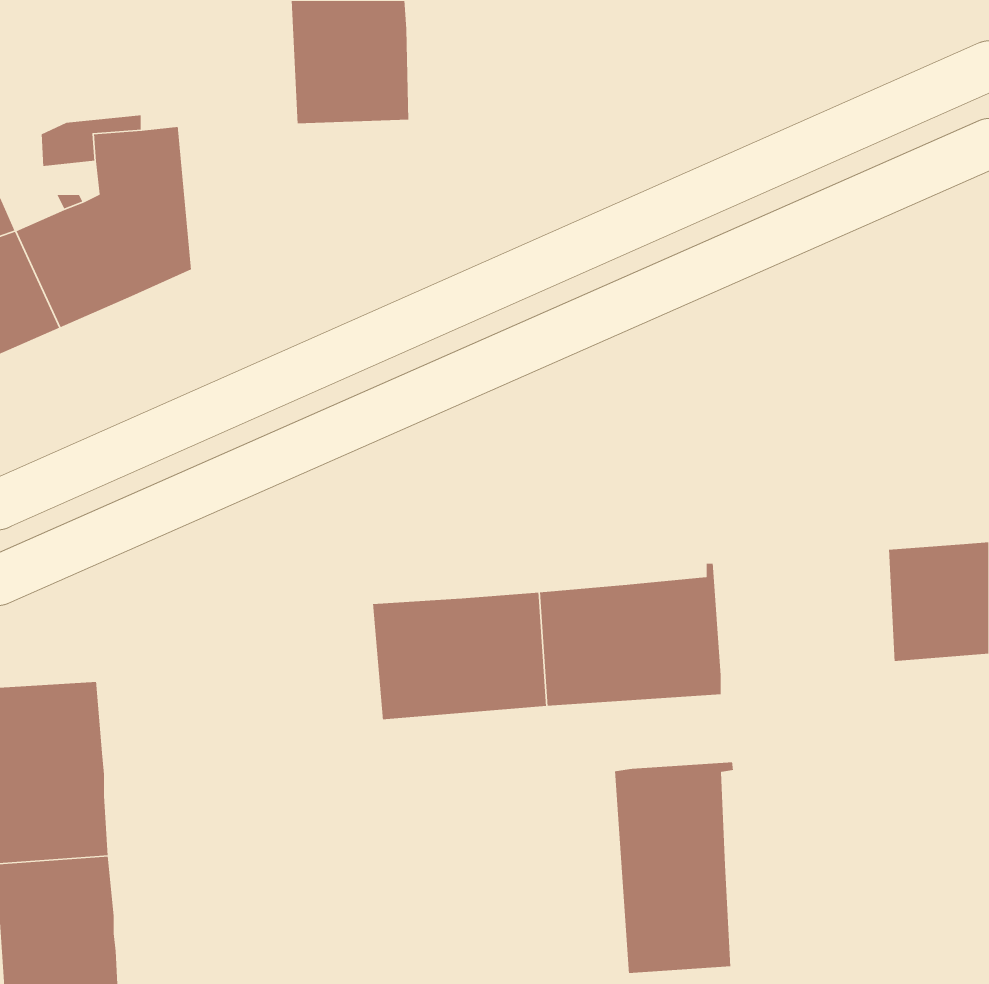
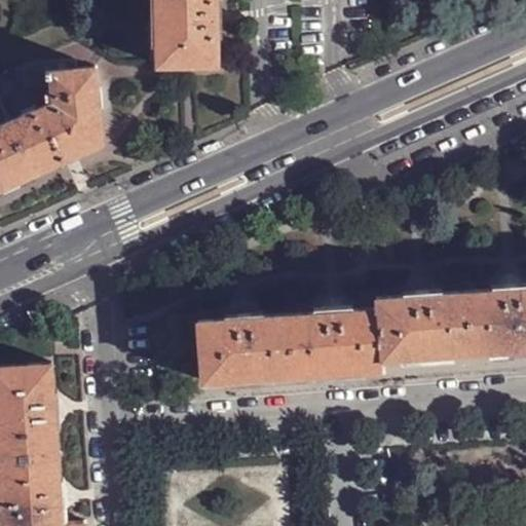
building: none -> [378,295,474,362]
building: [614,762,734,974] -> none

